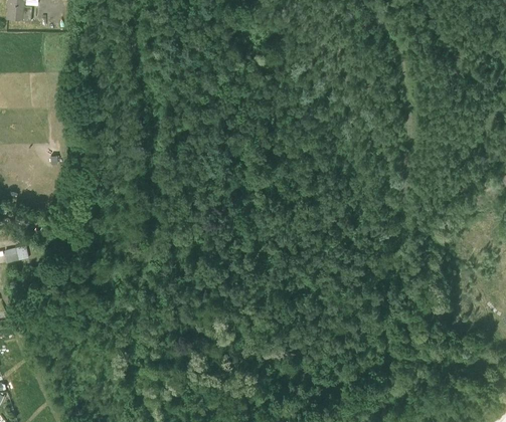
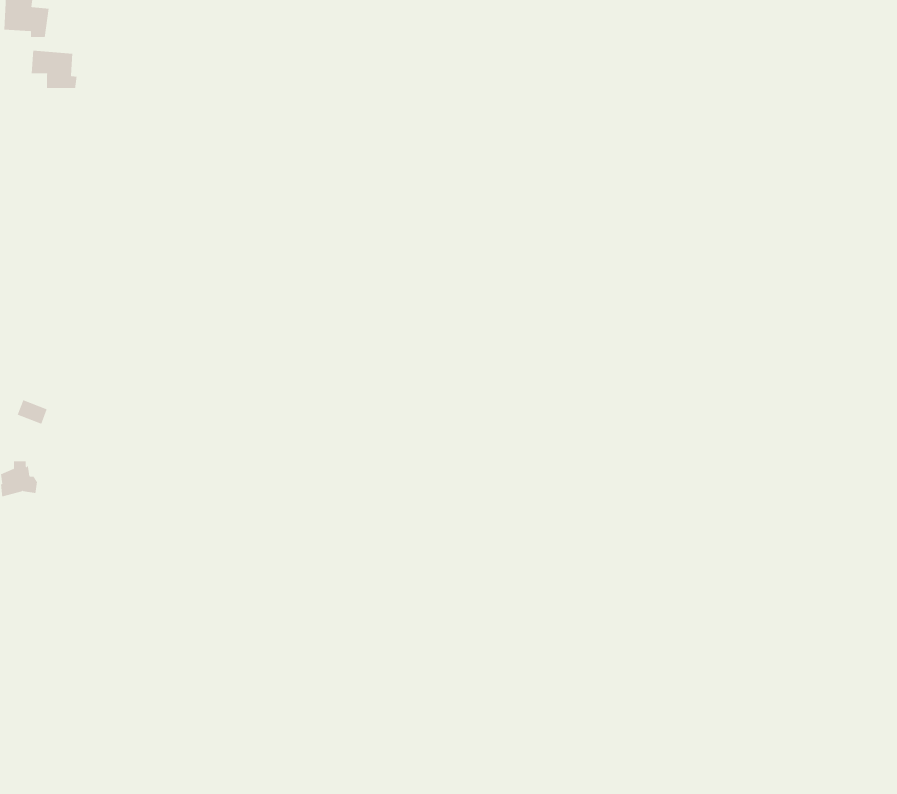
building: none -> [31,50,77,89]

